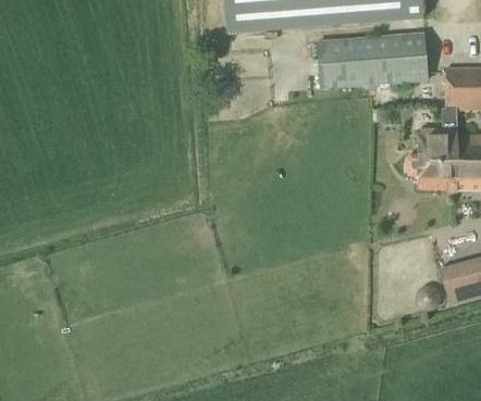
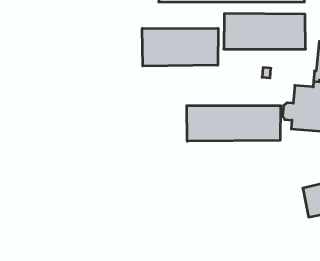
building: none -> [142,28,218,66]
building: none -> [187,106,281,141]

